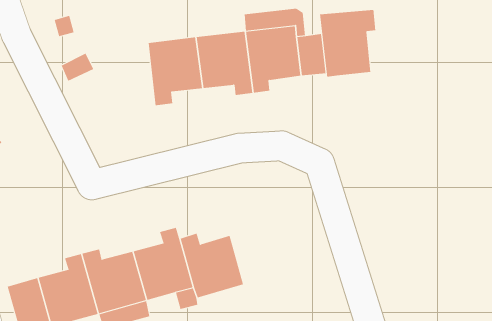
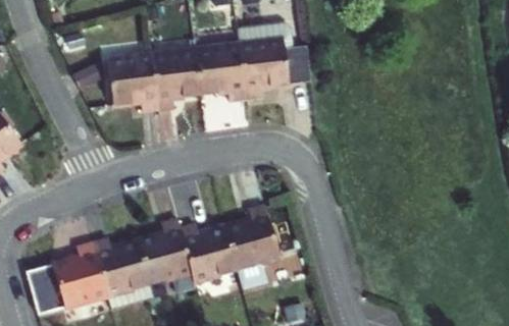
building: [320,9,376,78] -> none
building: none -> [105,55,156,112]
building: none -> [223,205,279,270]

